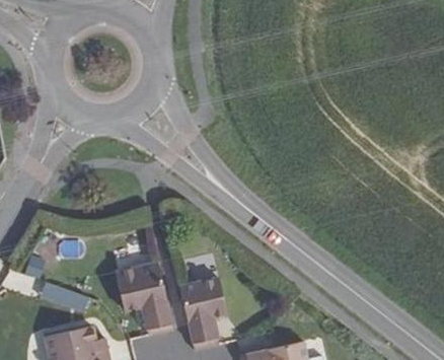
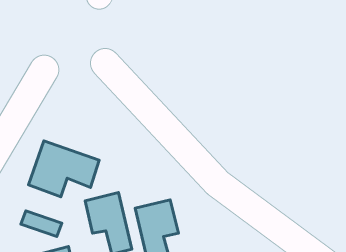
building: none -> [28,141,99,197]

